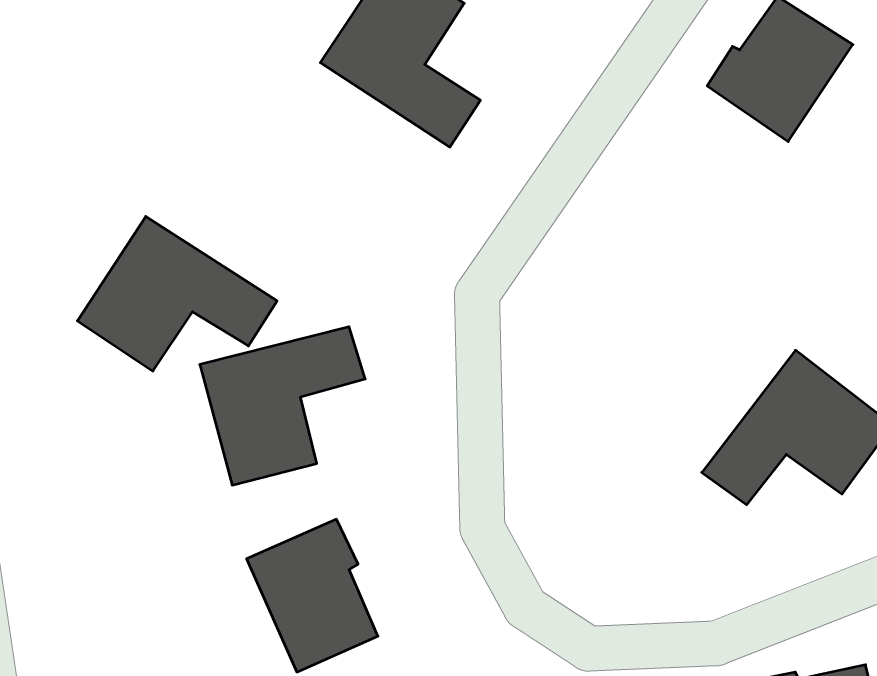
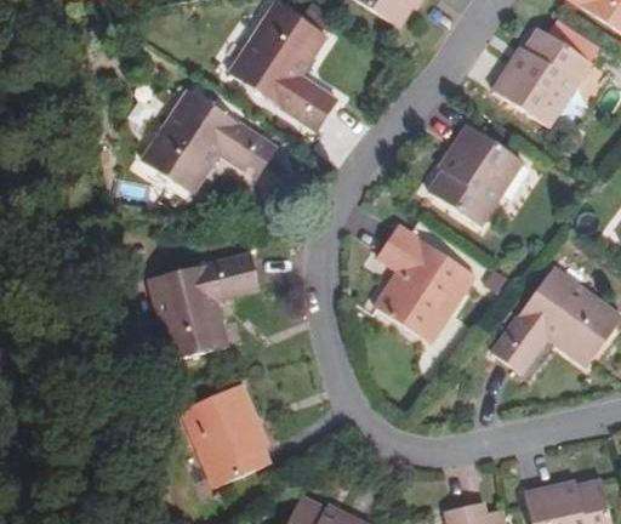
building: none -> [429,126,523,227]
building: [77,216,277,371] -> [142,89,277,193]
building: none -> [376,226,474,337]

